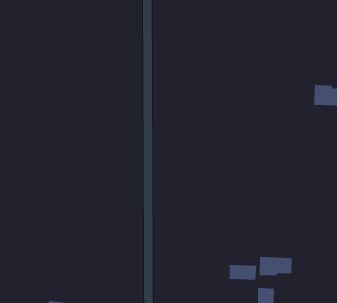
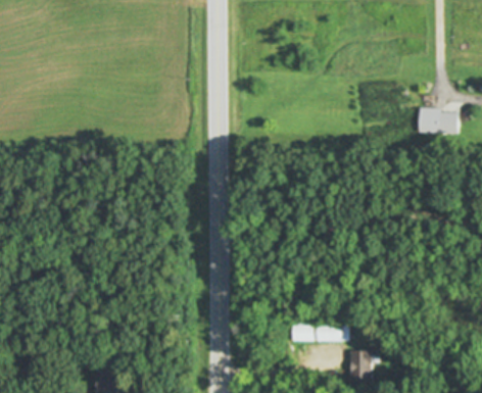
building: [259,256,293,276] -> none
building: none -> [292,323,314,342]

